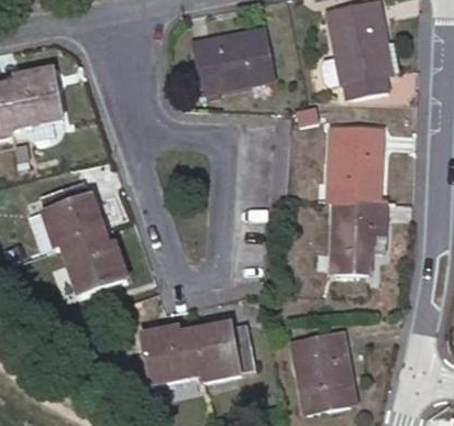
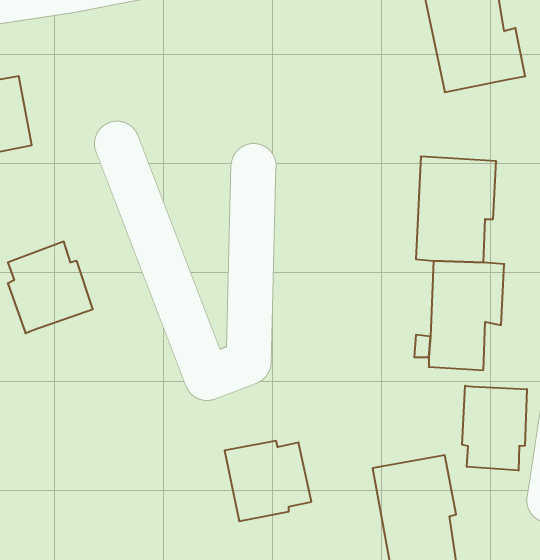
building: [197,36,277,94] -> none
building: [63,232,126,297] -> none
building: none -> [462,386,527,471]
building: [141,326,202,381] -> none

